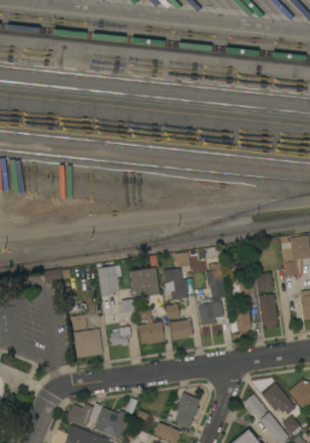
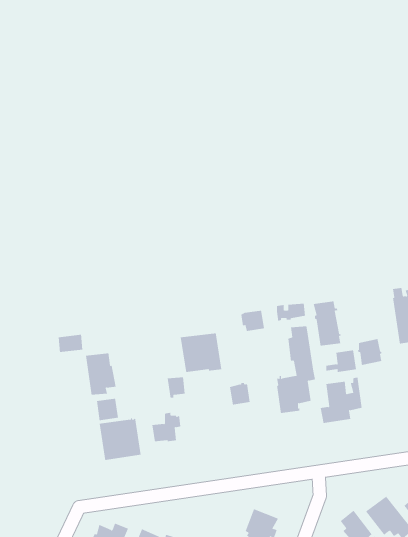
building: [98,266,120,296] -> [85,353,116,395]
building: [164,268,190,300] -> none
building: [259,294,279,326] -> [313,301,341,346]
building: [136,306,165,346] -> none
building: [171,318,194,341] -> none

